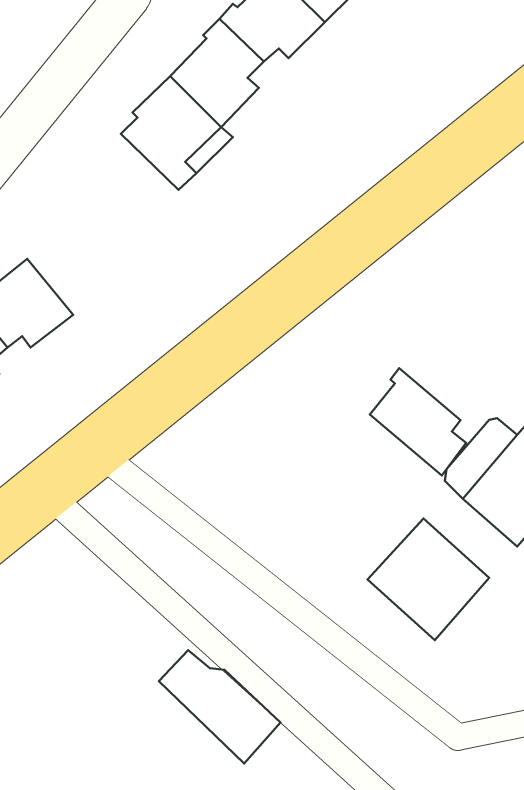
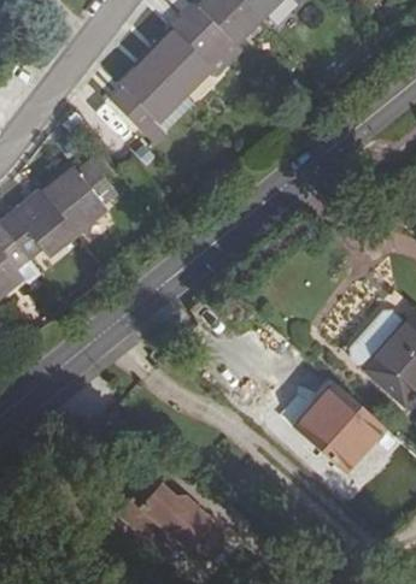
building: none -> [42,161,115,234]
building: [370,368,466,475] -> none

